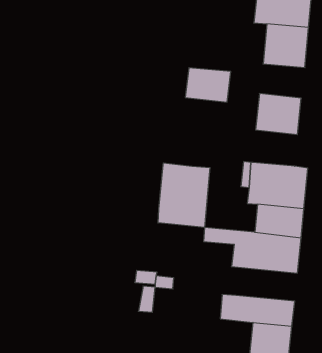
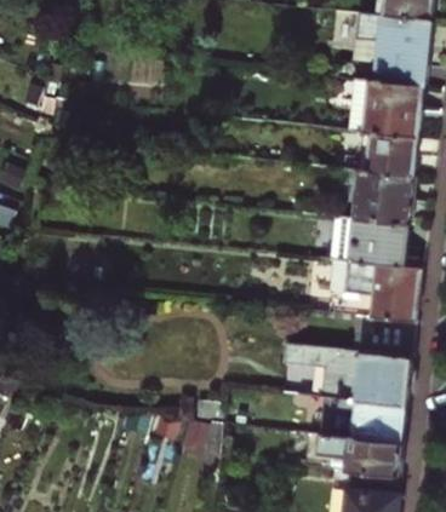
building: [185,68,231,102] -> [356,133,416,178]
building: none -> [348,219,406,266]
building: [158,163,210,228] -> none
building: none -> [295,396,406,442]

